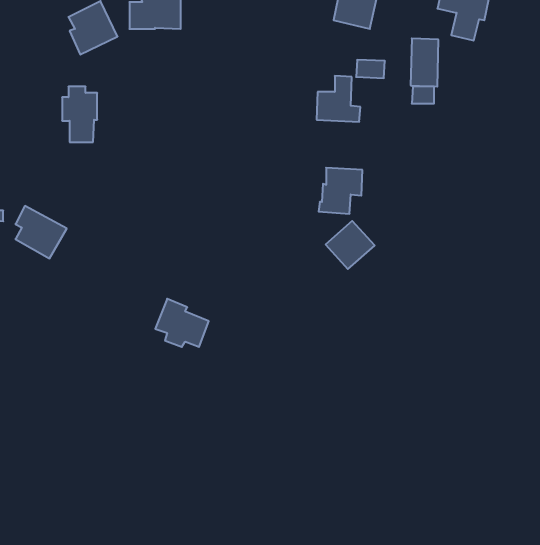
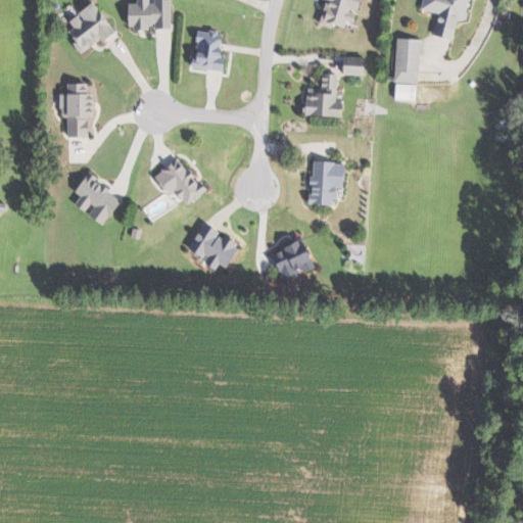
building: none -> [188,29,227,72]
building: none -> [152,155,205,205]
building: [15,206,67,258] -> [73,174,122,224]
building: [326,221,375,269] -> [271,236,318,282]
building: [155,299,209,347] -> [188,221,239,267]

